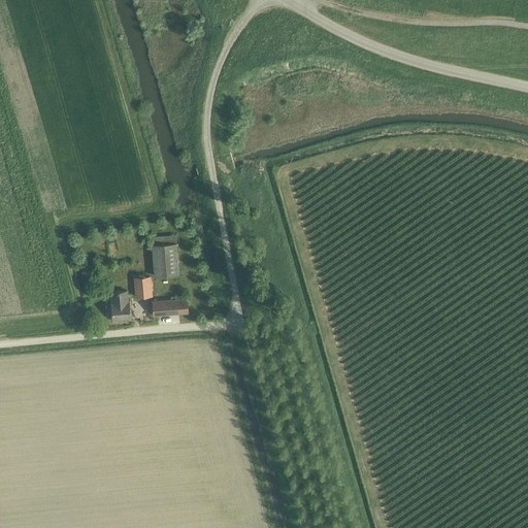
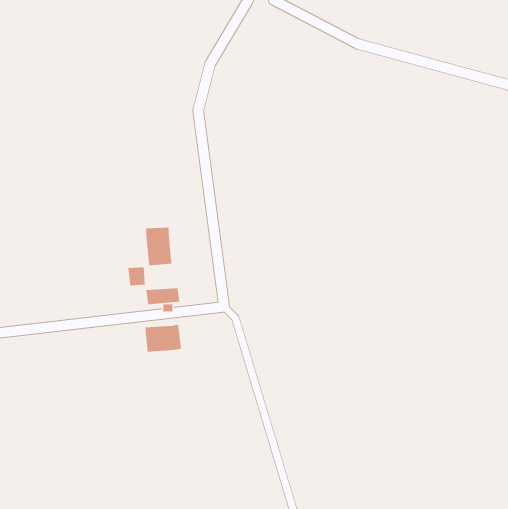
building: [110,291,129,319] -> none
building: none -> [145,324,182,352]

